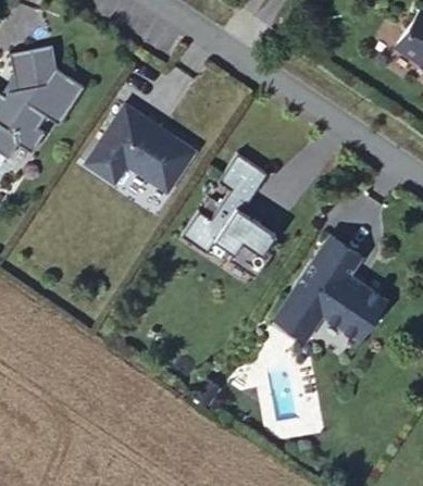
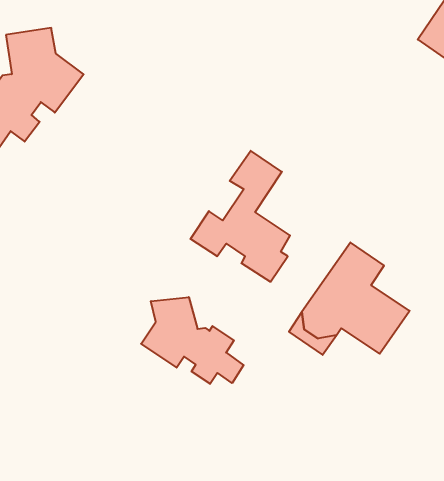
building: [86,105,195,192] -> none
building: none -> [141,297,244,384]

